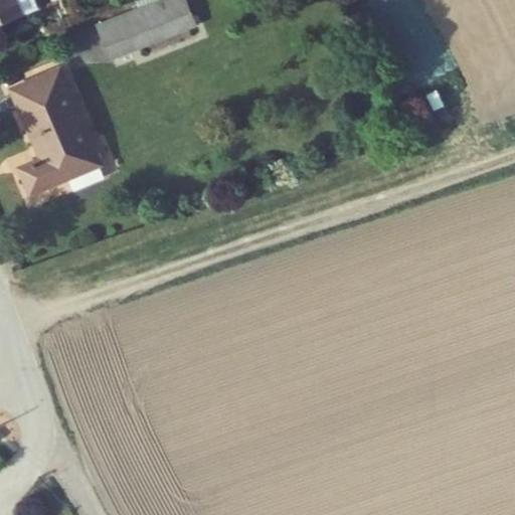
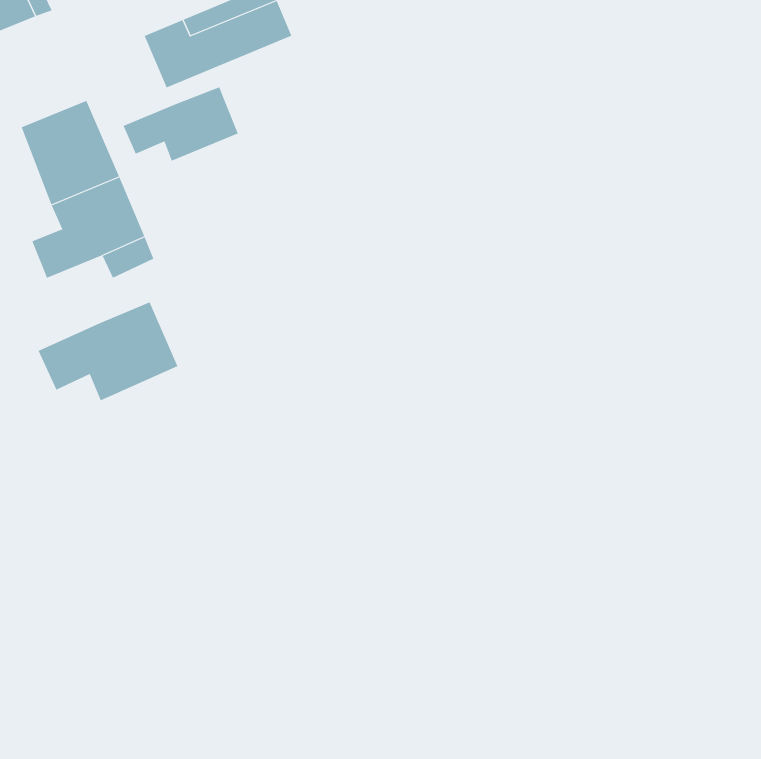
building: none -> [123,86,238,161]
building: none -> [38,302,178,401]

